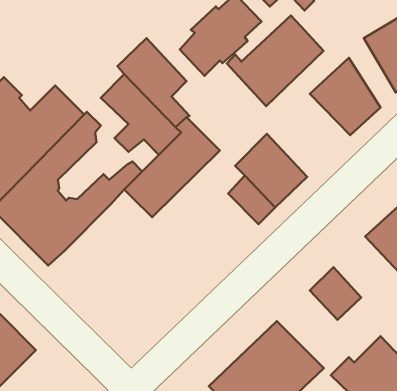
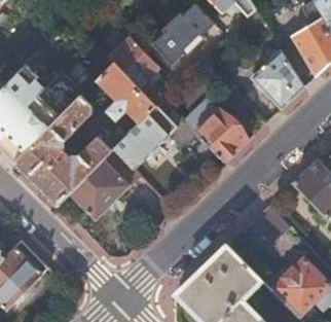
building: [227,16,324,106] -> none
building: none -> [69,159,128,219]

